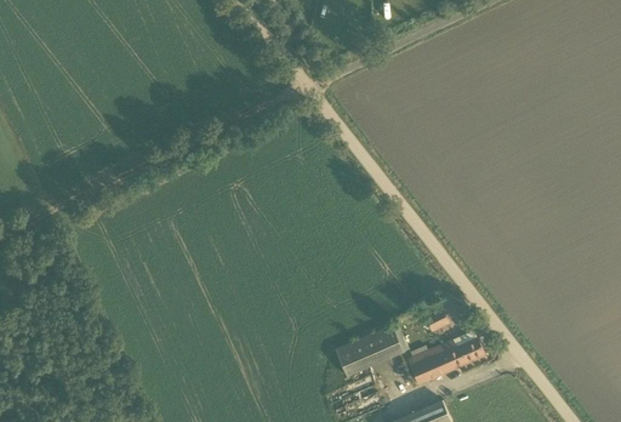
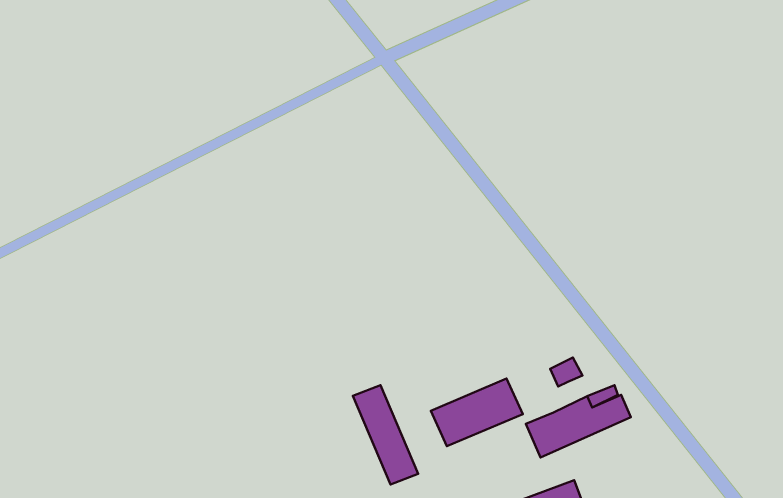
building: none -> [353,385,418,484]

